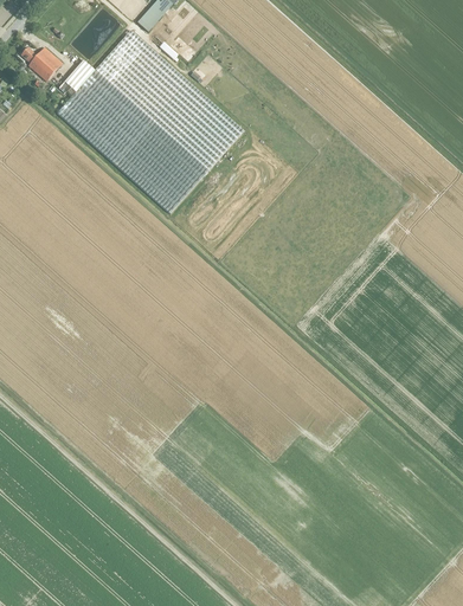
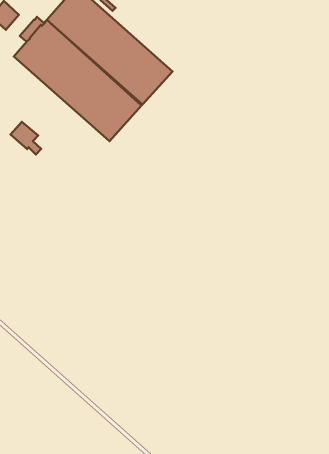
building: none -> [11,122,41,155]

